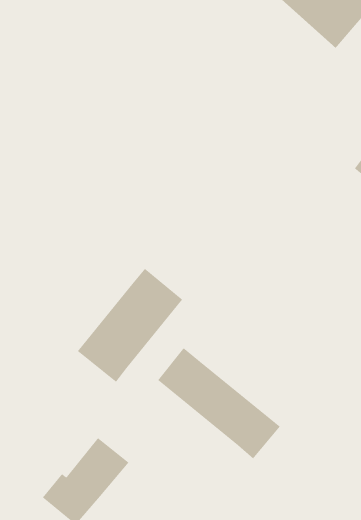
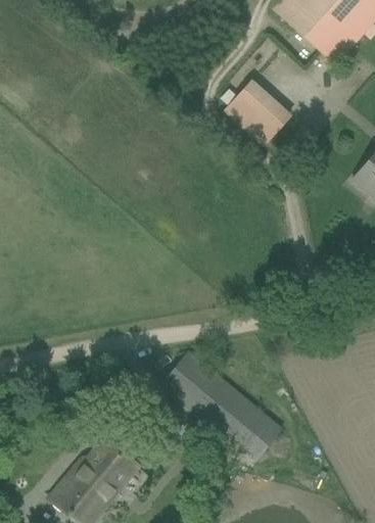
building: none -> [225,80,290,144]
building: [77,268,183,383] -> none

